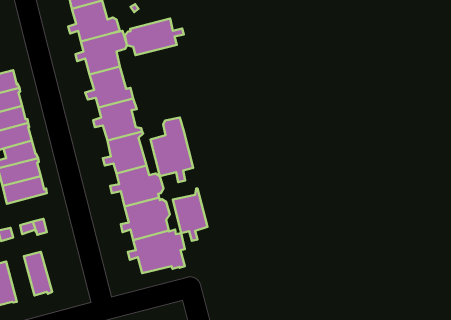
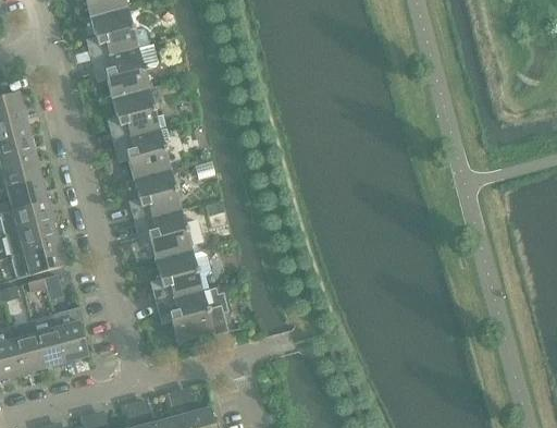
building: [125,18,184,55] -> none
building: [151,117,193,182] -> none
building: [173,189,207,241] -> none
building: none -> [10,243,63,279]
building: none -> [51,307,87,364]
building: none -> [9,320,44,376]

